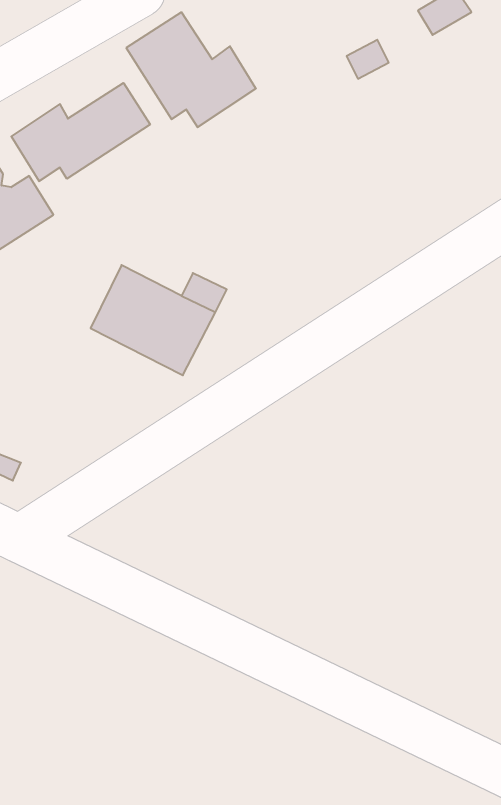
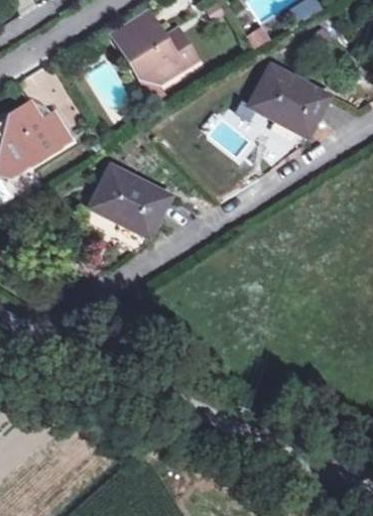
building: [11,83,150,181] -> none
building: none -> [251,68,329,137]

